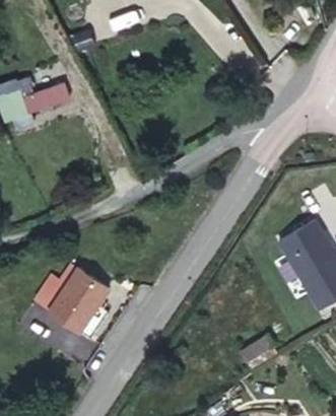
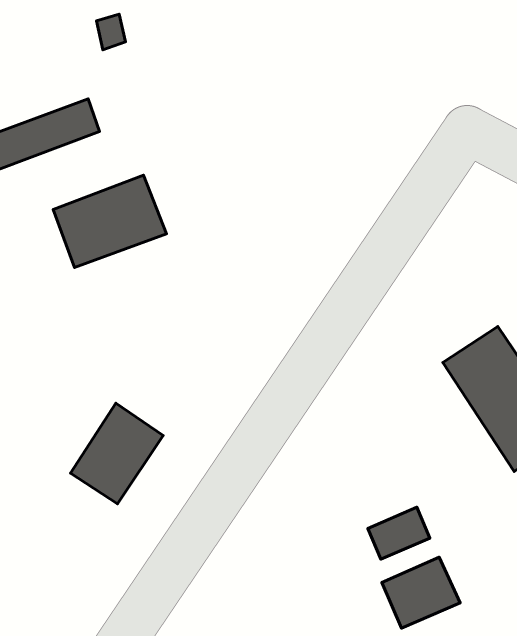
building: none -> [53,175,167,267]
building: none -> [382,557,460,628]

